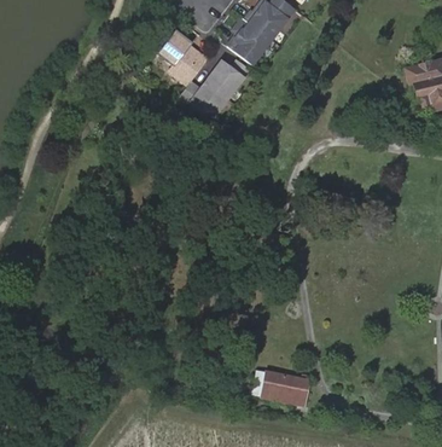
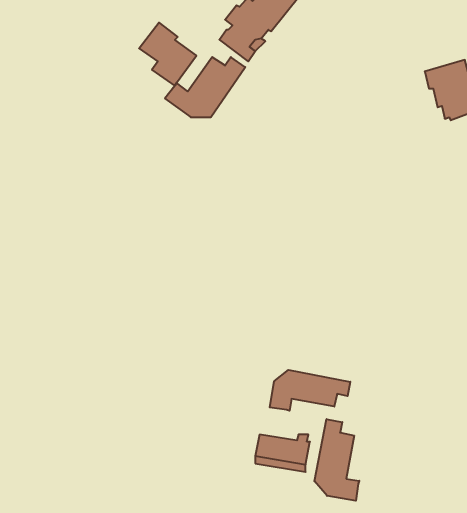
building: none -> [270,370,350,411]
building: none -> [314,419,359,501]

